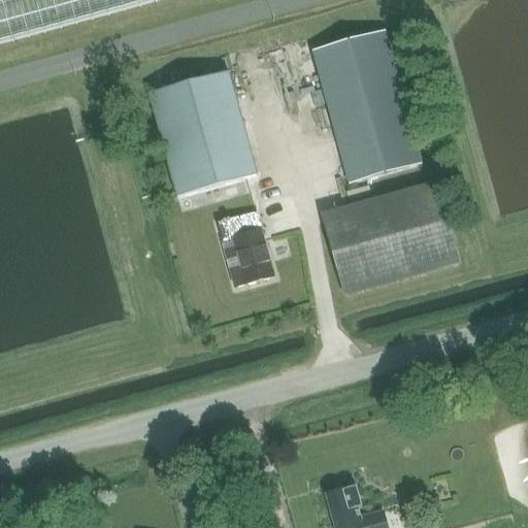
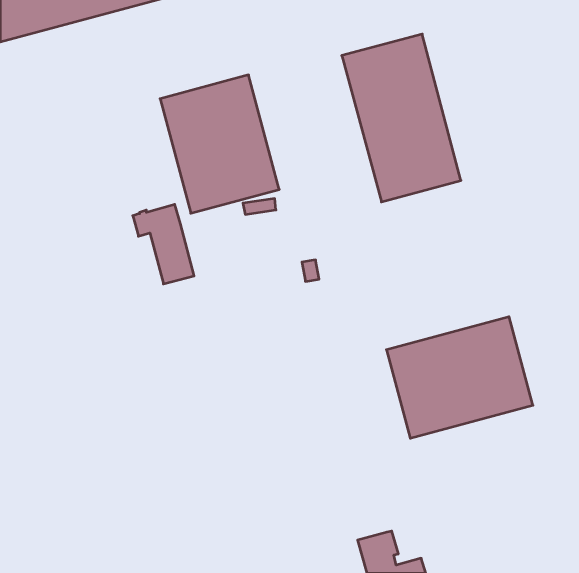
building: [324,182,457,292] -> [386,317,533,438]
building: [219,208,274,280] -> [133,204,194,284]

